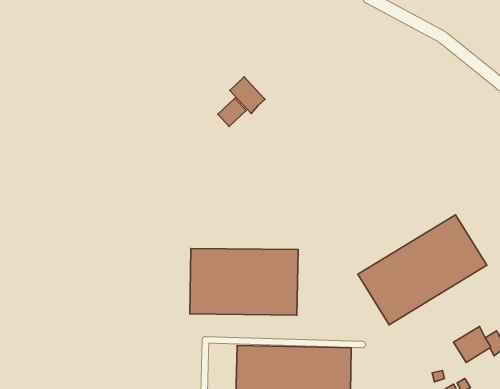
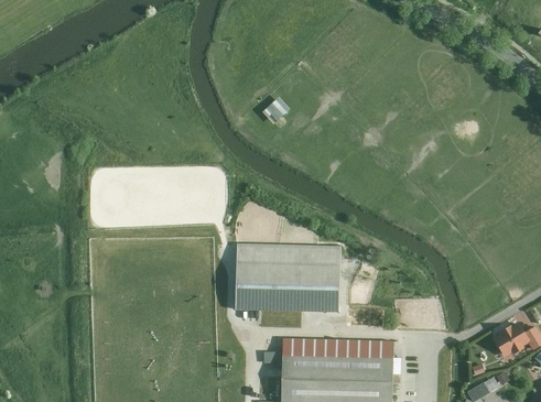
building: [230,77,265,114] -> none
building: [358,215,487,325] -> none

